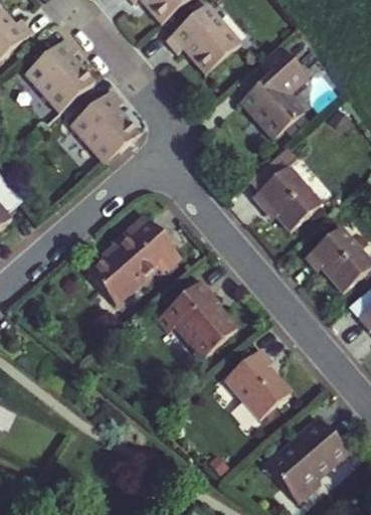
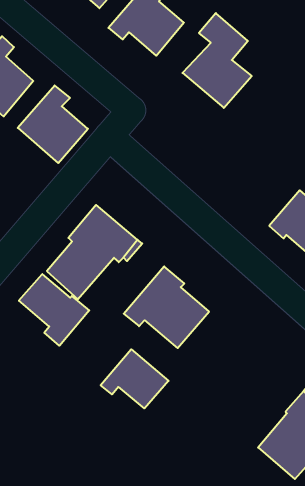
building: [246,147,316,227] -> none
building: none -> [19,274,89,346]
building: [221,350,283,417] -> none
building: none -> [101,349,169,408]

